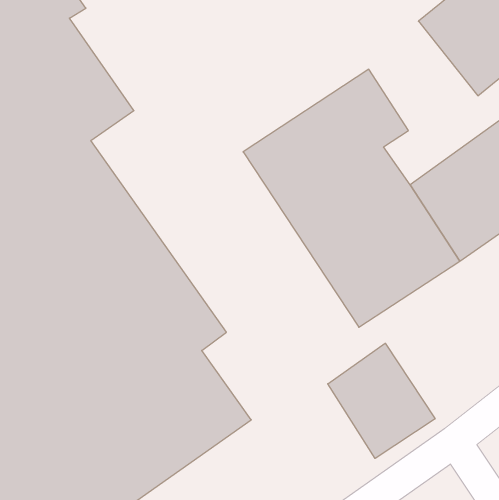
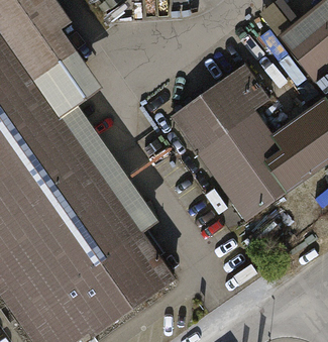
building: [328,343,435,458] -> none

